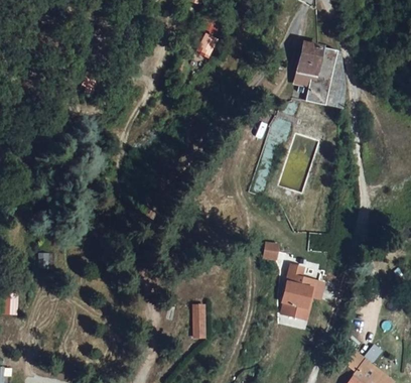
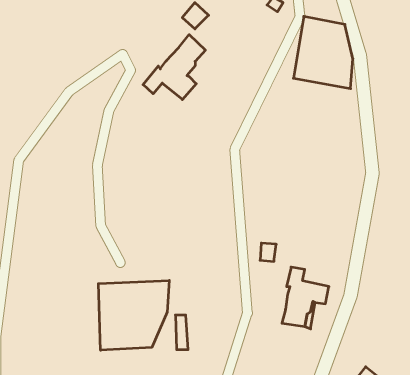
building: none -> [143,35,205,100]
building: none -> [98,280,169,350]

